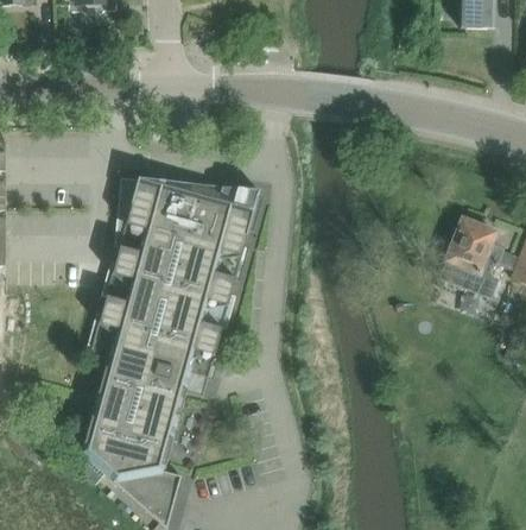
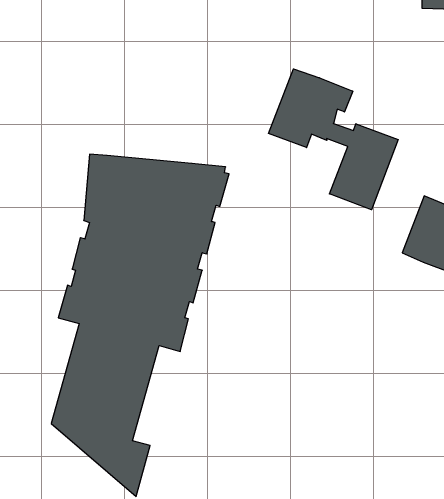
building: none -> [268,69,398,210]

